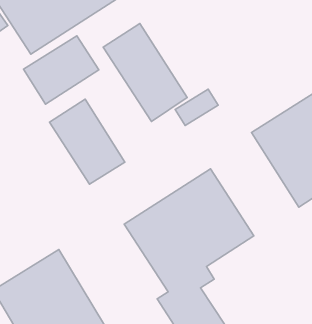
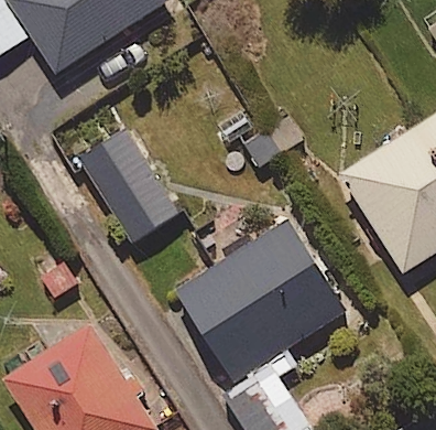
building: [103,24,187,121] -> none
building: [23,36,99,104] -> none

